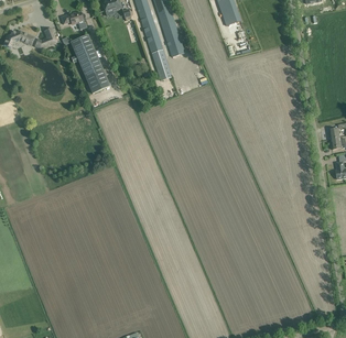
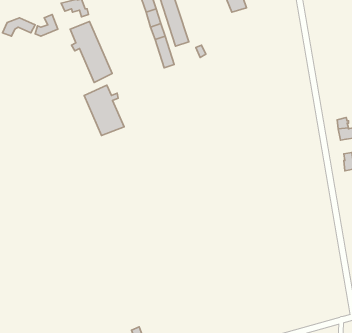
building: none -> [84,85,124,136]

